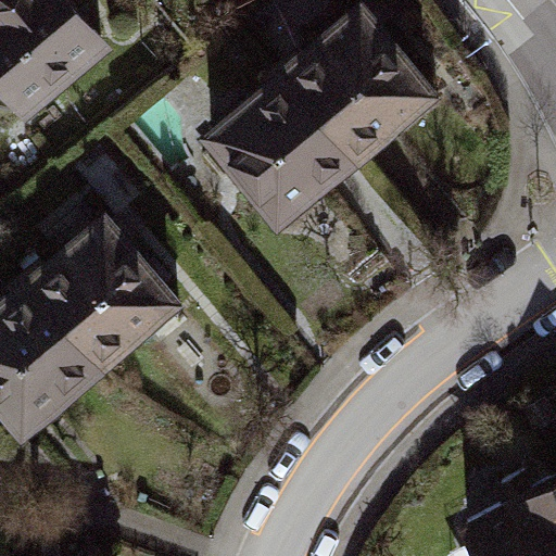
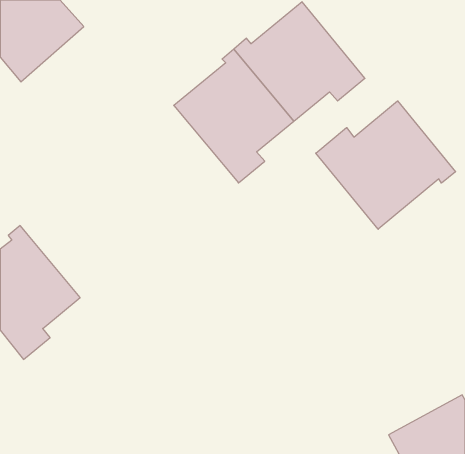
building: none -> [316,101,456,229]
building: [24,226,180,368] -> none

